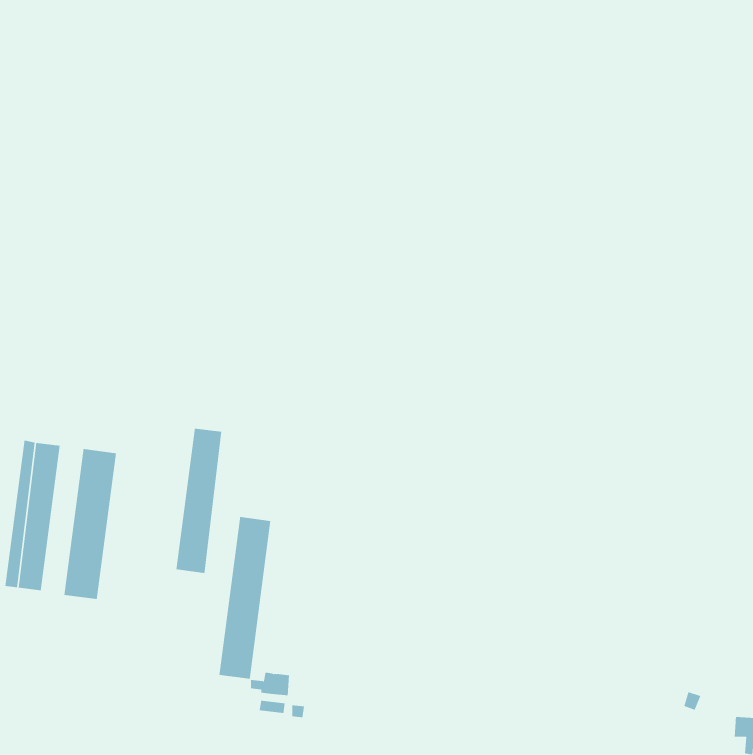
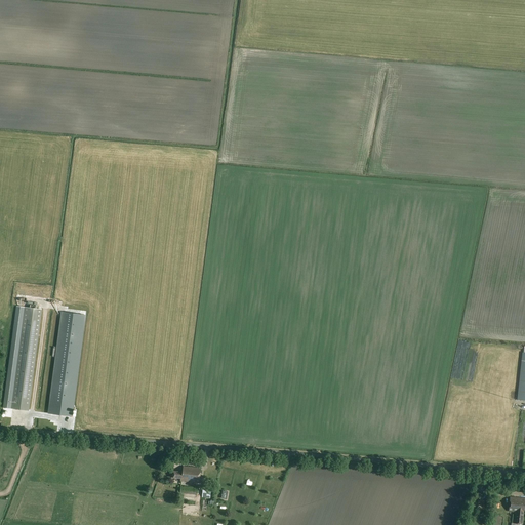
building: [176,428,222,574] -> none
building: [219,516,271,680] -> none

